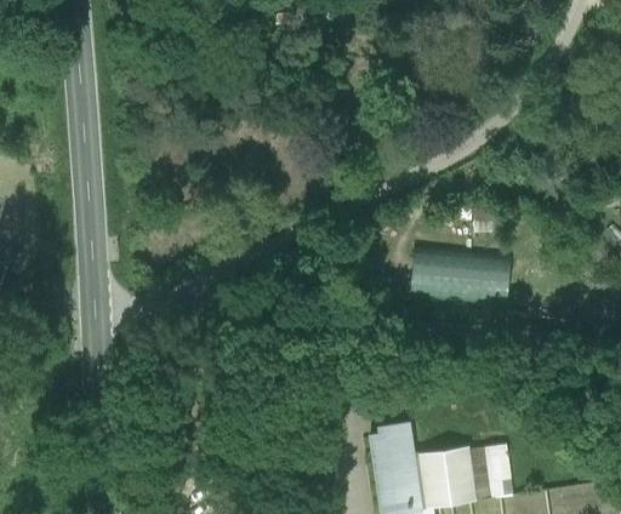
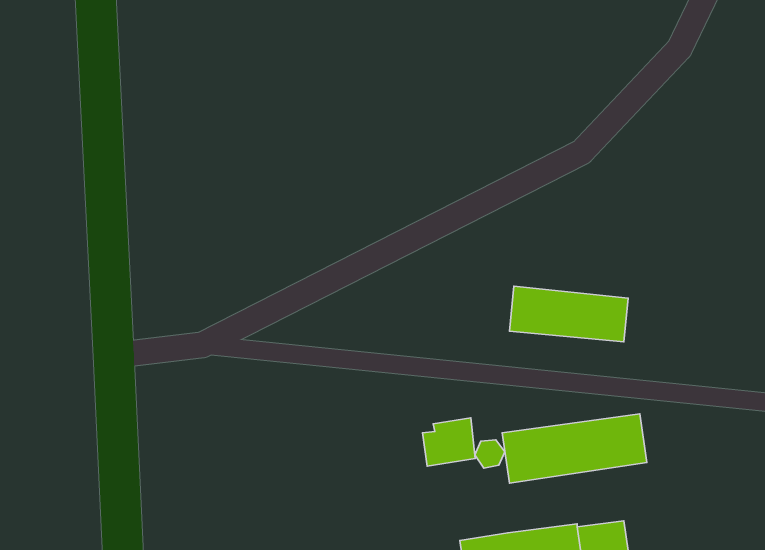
building: none -> [502,414,647,483]
building: [369,421,411,459] -> [423,418,475,466]

